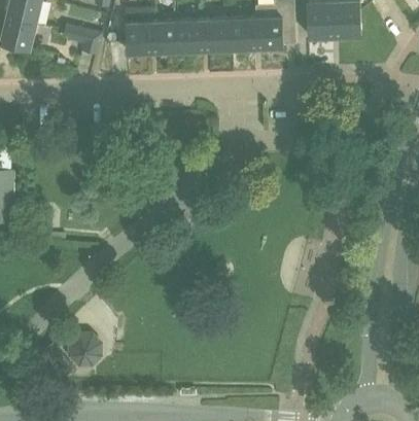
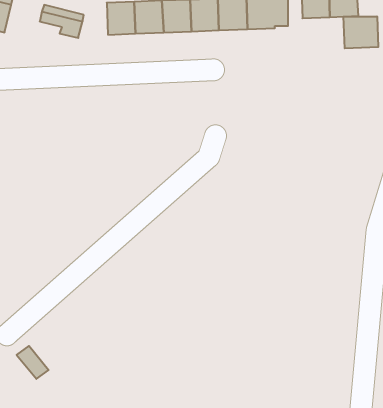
building: none -> [343,16,378,48]
building: [68,336,100,367] -> none

